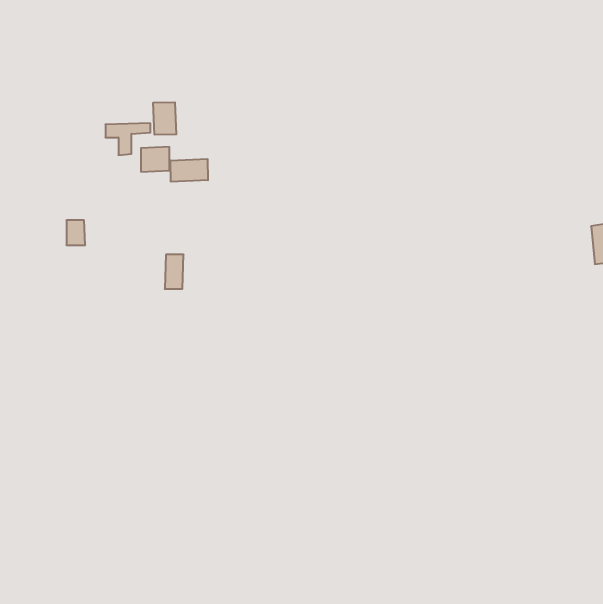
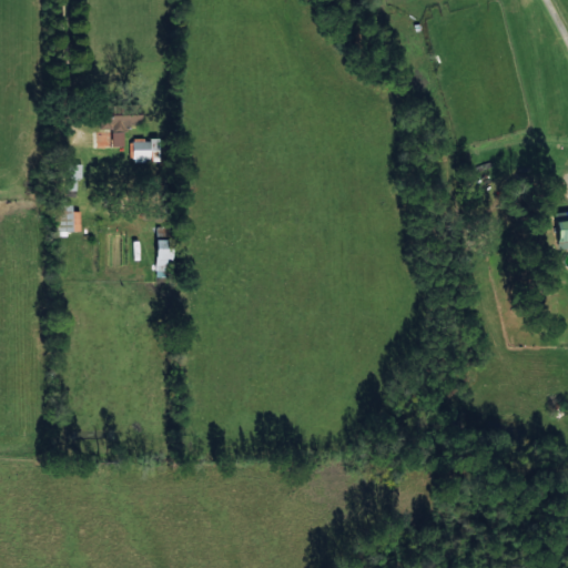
building: [153,102,176,135] -> none
building: [171,159,208,182] -> none

